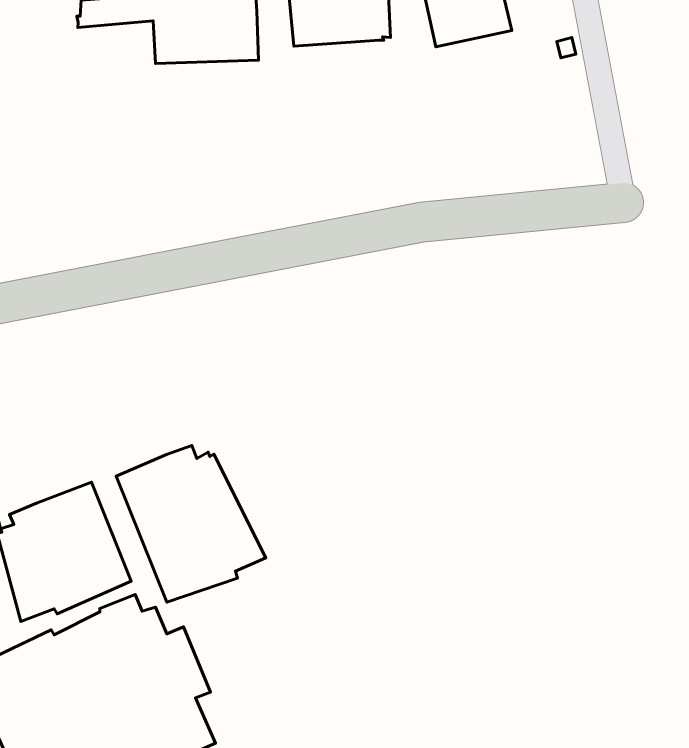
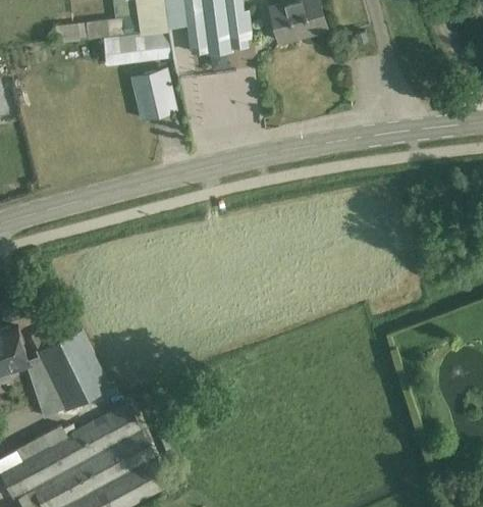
building: none -> [131,75,173,121]
building: [116,445,266,602] -> none

